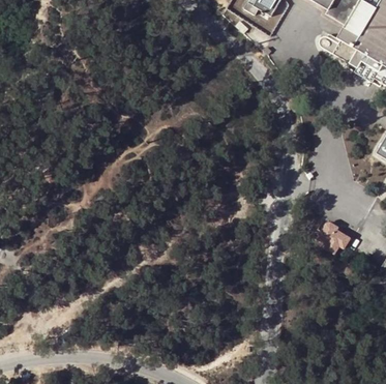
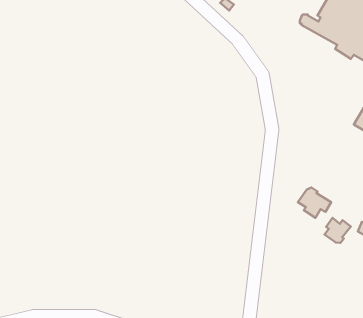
building: none -> [324,218,351,243]

